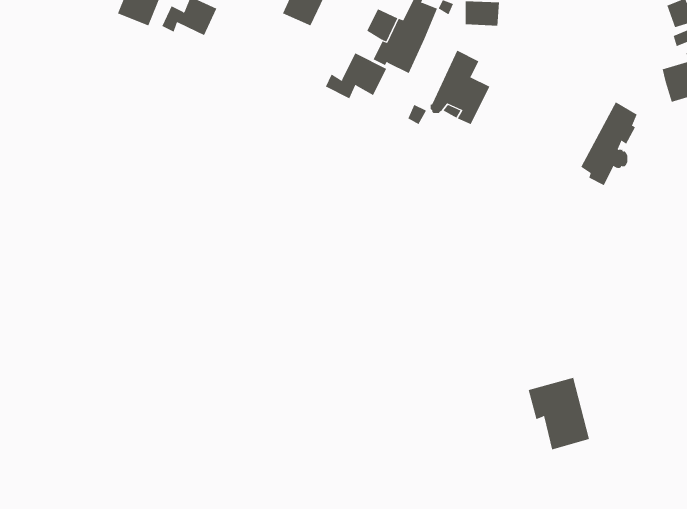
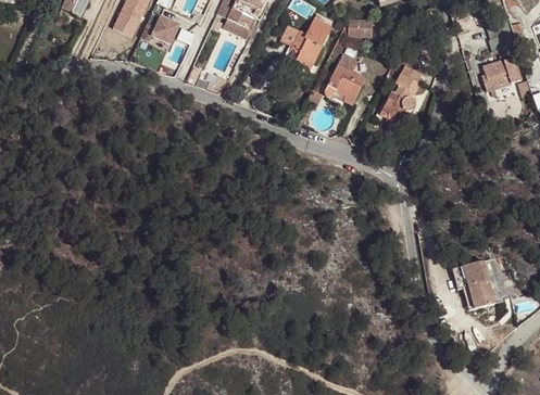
building: [325,53,387,99] -> none
building: [580,102,638,186] -> [381,65,420,123]
building: [528,377,590,450] -> [452,259,494,309]

